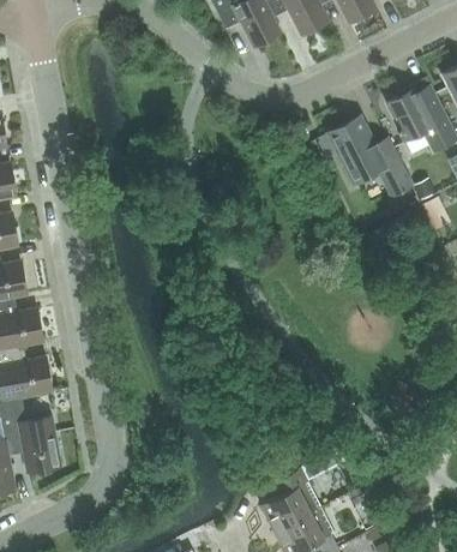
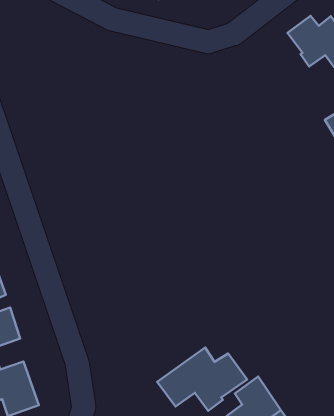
building: [327,115,413,197] -> none
building: none -> [157,347,247,411]

